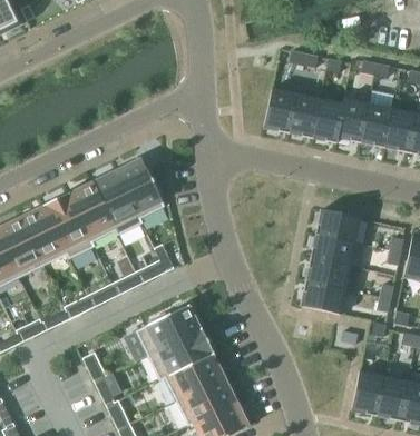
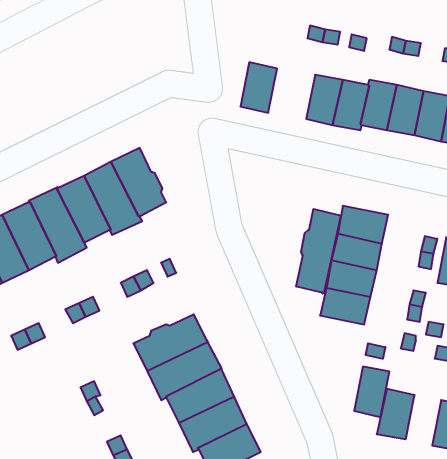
building: [264,88,296,132] -> [240,62,277,113]
building: none -> [296,209,341,294]
building: [377,376,408,420] -> [354,367,389,417]

